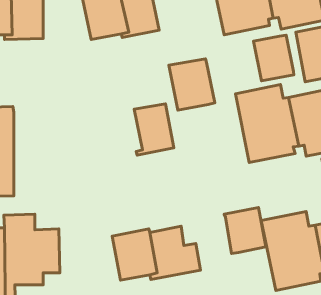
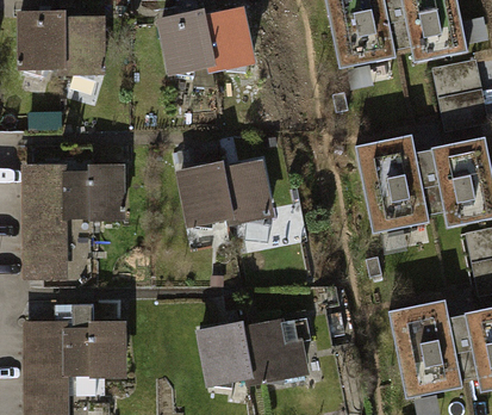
building: [254,35,294,81] -> none
building: [169,59,215,110] -> [174,161,233,228]
building: none -> [67,163,124,221]
building: [224,207,266,254] -> none

